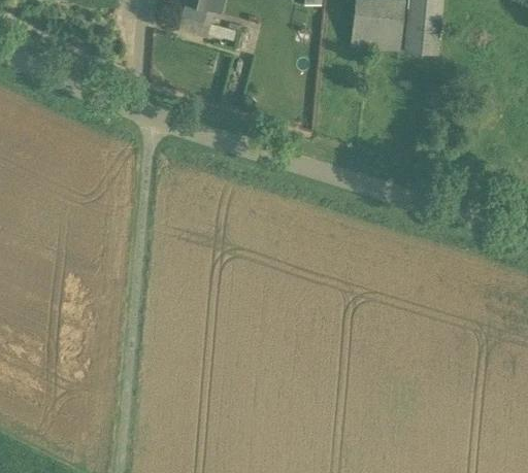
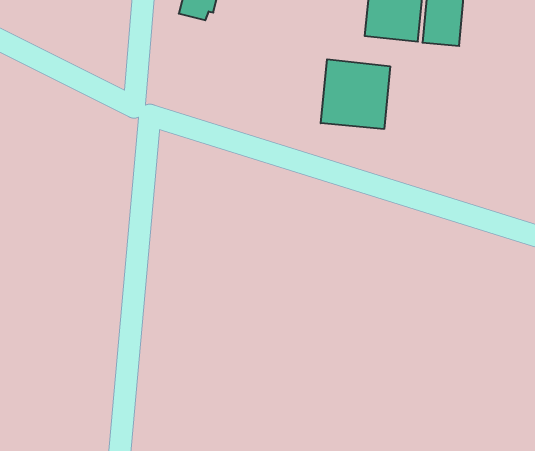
building: none -> [321,59,390,129]

